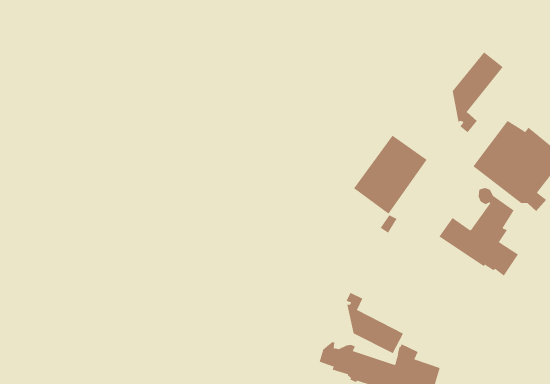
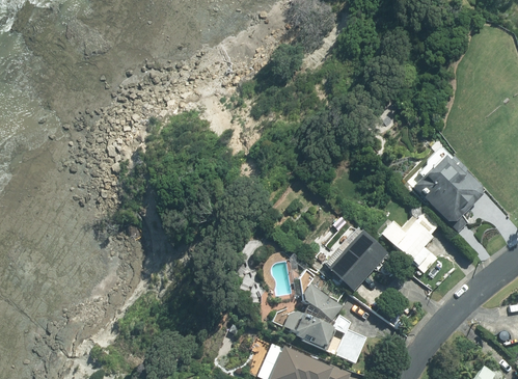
building: [452,52,504,133] -> none
building: [353,135,427,214] -> [328,229,388,291]

